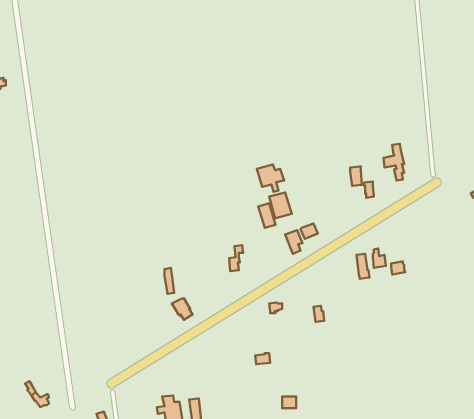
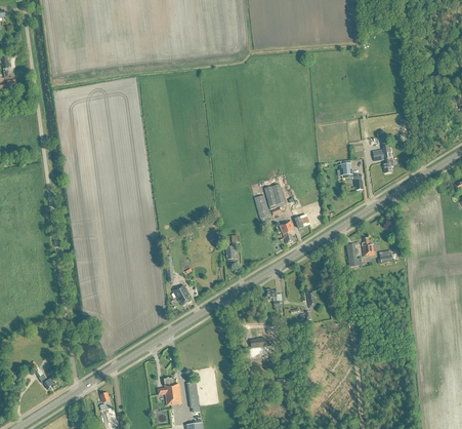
building: [257,165,284,192] -> none

